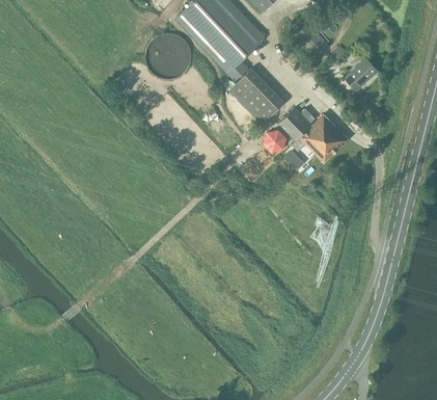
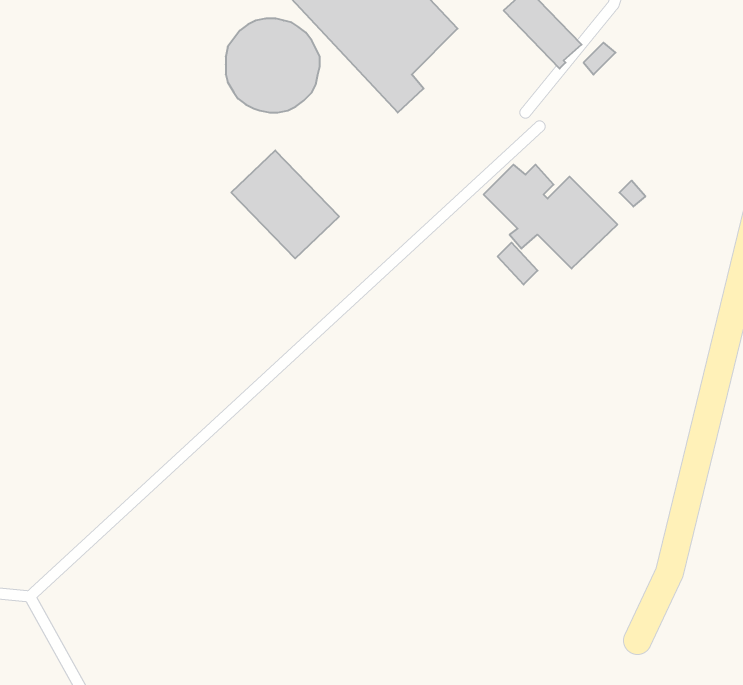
building: [345,57,377,88] -> none
building: [228,68,284,124] -> [231,150,339,258]
building: [264,126,288,153] -> none

